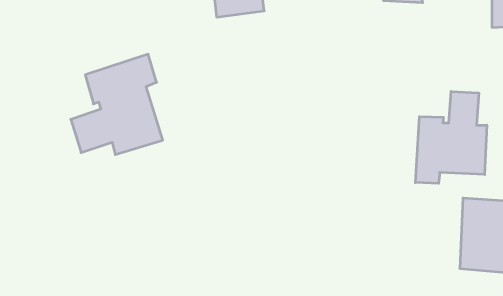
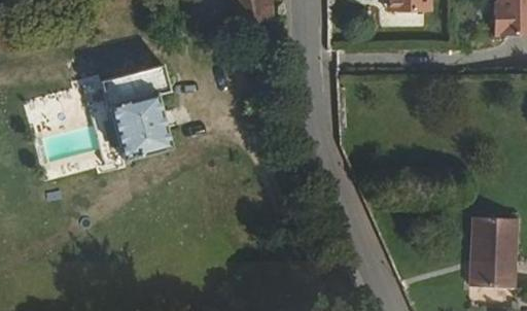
building: [415,91,487,183] -> none

